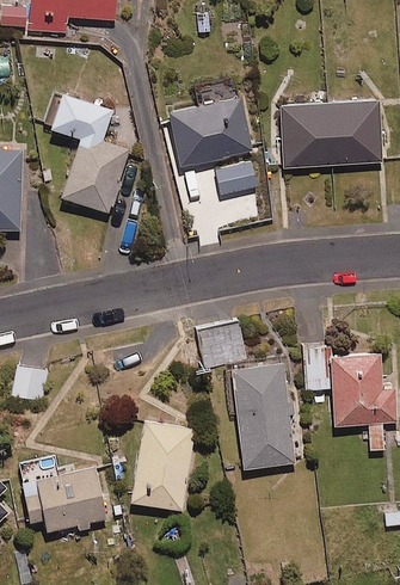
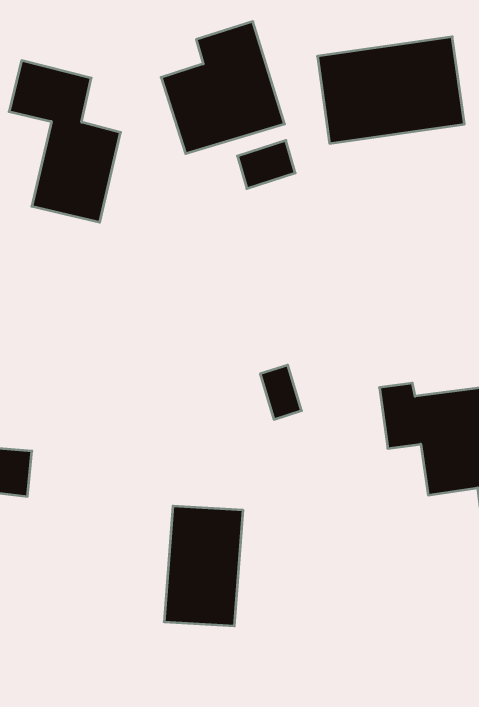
building: [228,361,294,469] -> none
building: [25,467,109,529] -> none

